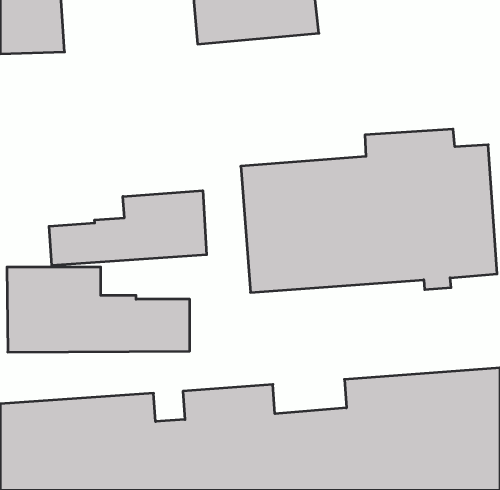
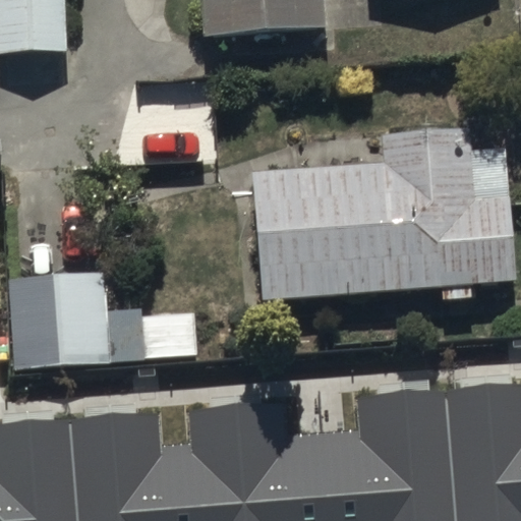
building: [49,191,207,265] -> none

